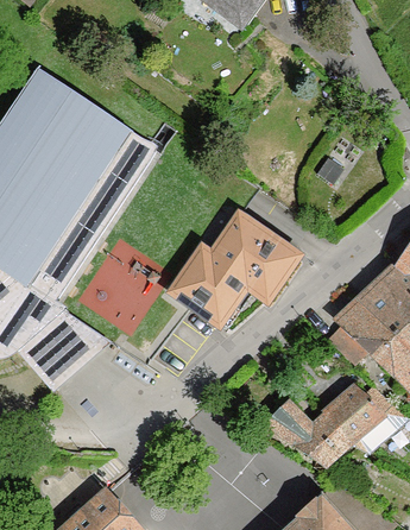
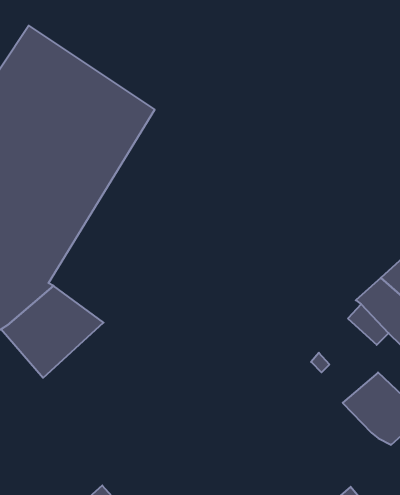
building: [169,220,295,321] -> none
building: [266,403,348,462] -> none

